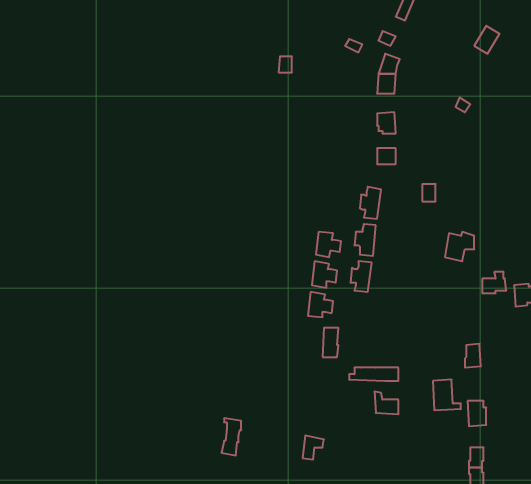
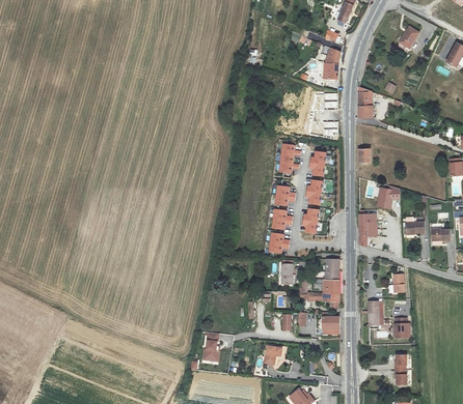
building: none -> [357,87,372,117]
building: none -> [279,144,301,173]
building: none -> [359,213,377,248]
building: none -> [322,258,339,292]

